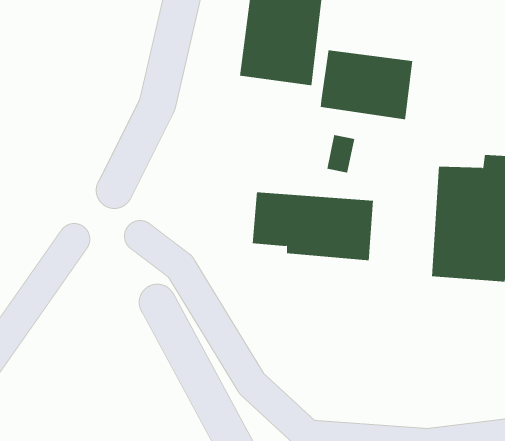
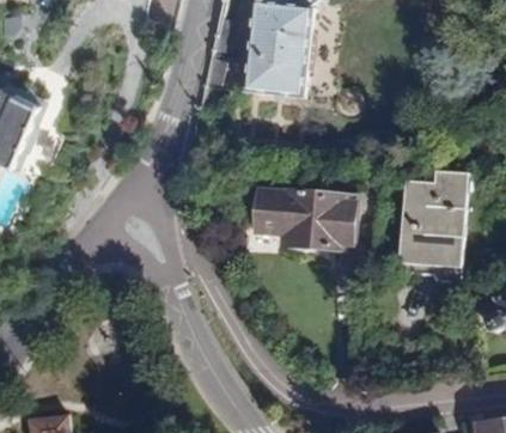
building: [320,49,413,120] -> none

